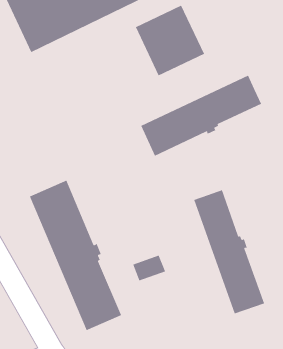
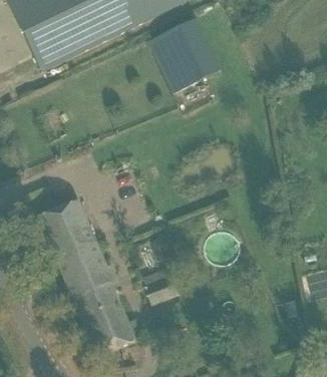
building: [140,74,262,157] -> none
building: [193,189,265,315] -> none

